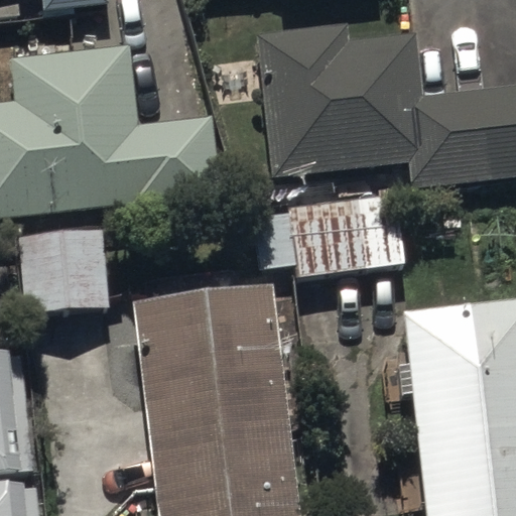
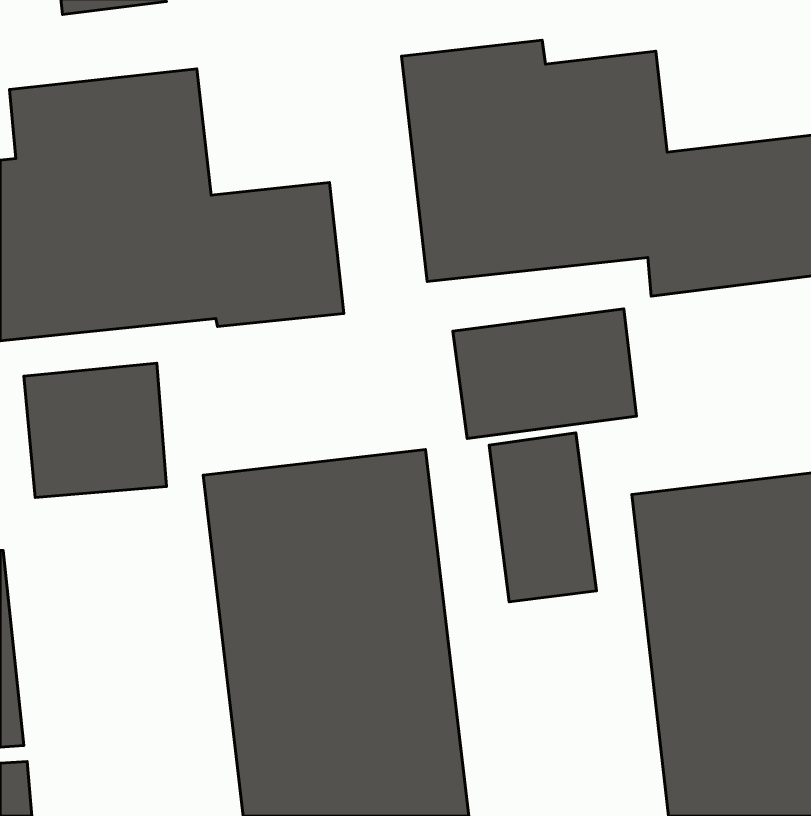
building: none -> [489,433,596,602]

